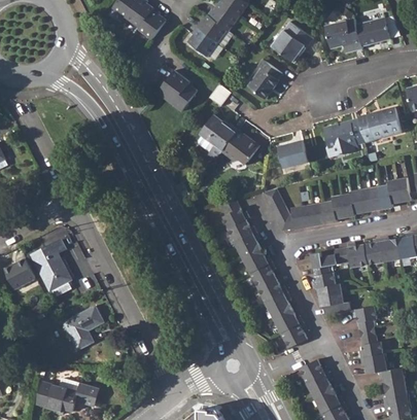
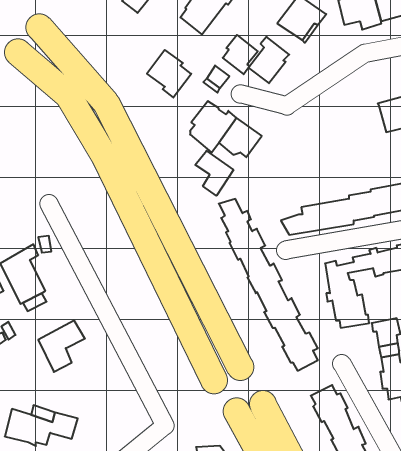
building: none -> [223,35,258,74]
building: [322,119,363,160] -> none
building: [276,139,307,167] -> none
building: none -> [195,151,233,196]
building: [259,188,288,218] -> none

